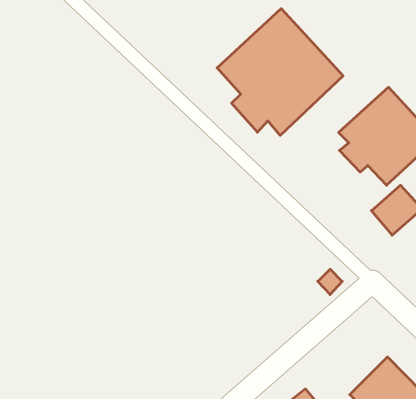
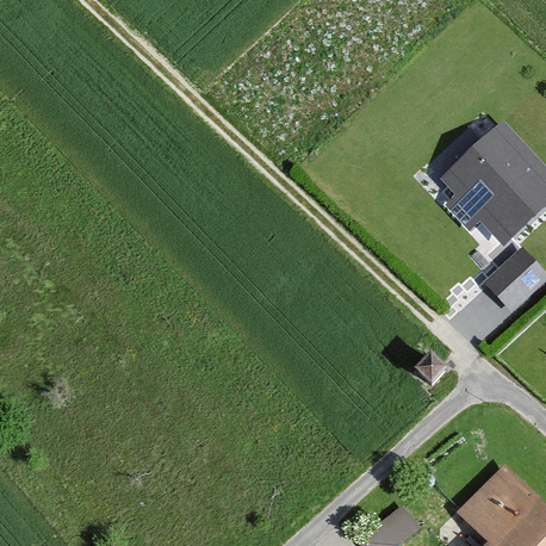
building: [217,9,343,135] -> none

